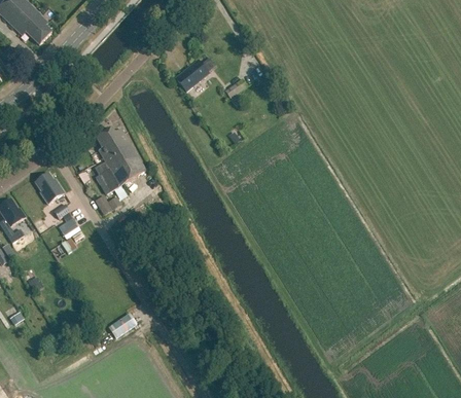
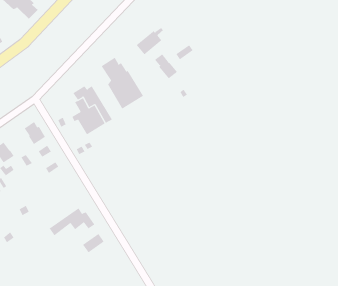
building: none -> [154,54,178,79]
building: none -> [101,57,144,110]
building: none -> [49,207,95,236]

